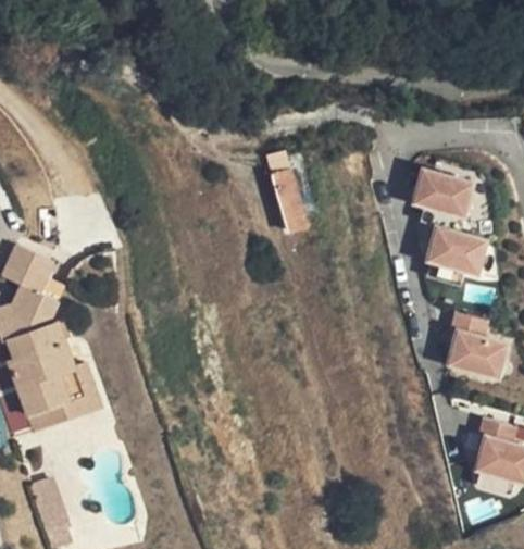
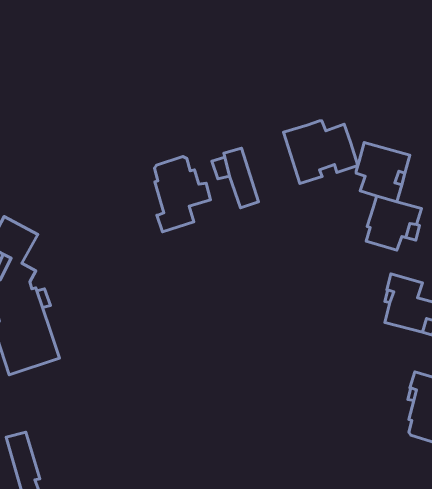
building: none -> [284,121,358,184]
building: none -> [154,156,211,232]
building: [33,367,107,435] -> none

